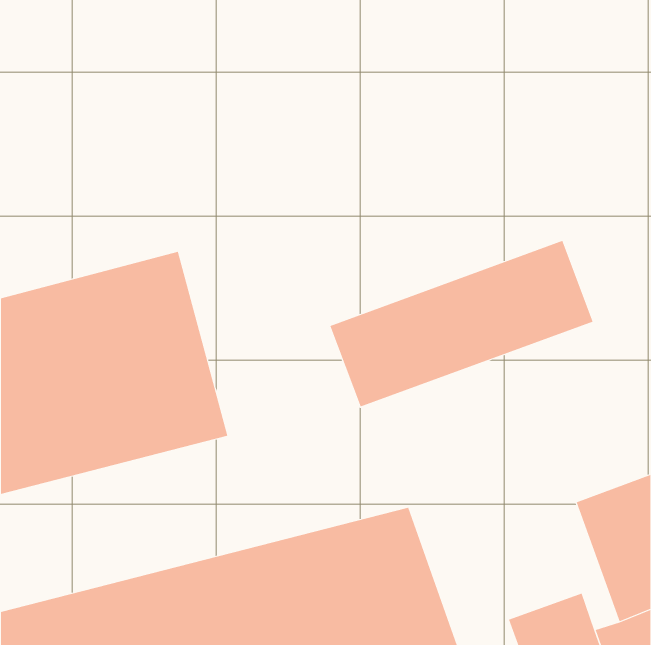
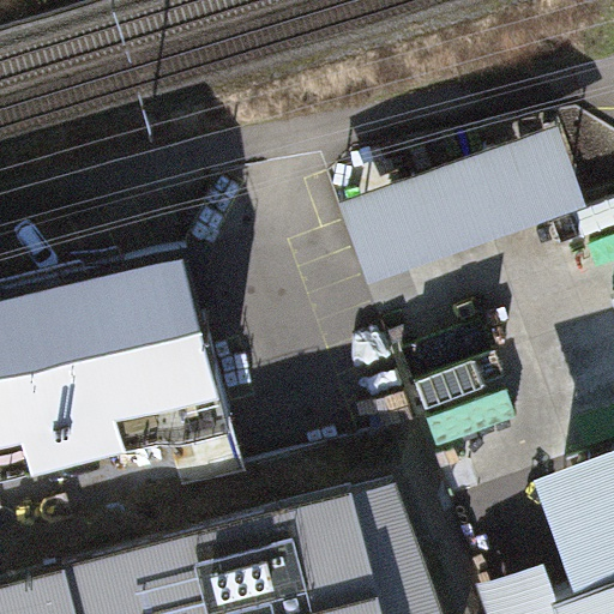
building: [330,240,593,407] -> [342,125,590,282]

